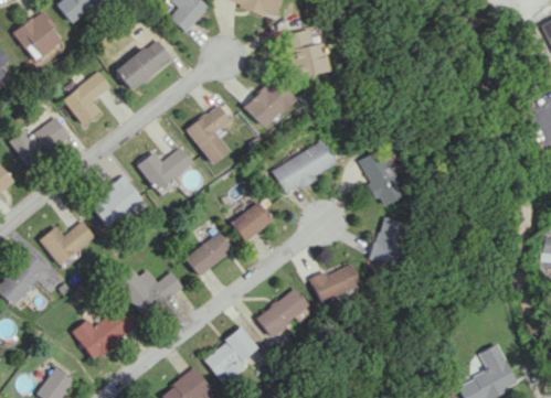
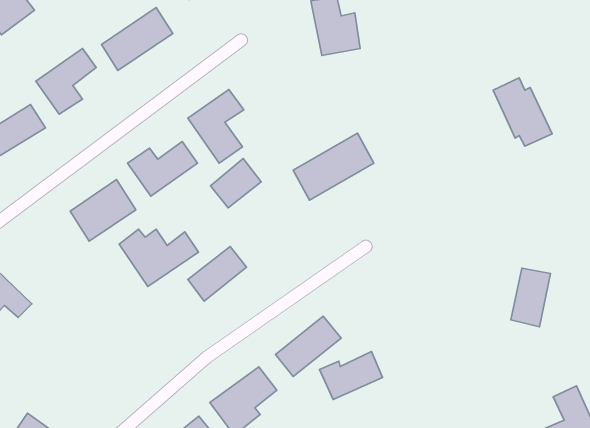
building: [243,77,293,128] -> none
building: [356,150,403,205] -> [493,78,552,146]
building: [232,201,273,240] -> [210,159,261,208]
building: [370,217,402,265] -> [511,268,550,327]
building: [40,222,96,265] -> none
building: [308,263,359,302] -> [320,352,383,399]
building: [119,269,183,315] -> [119,229,199,286]
building: [72,306,137,361] -> none

